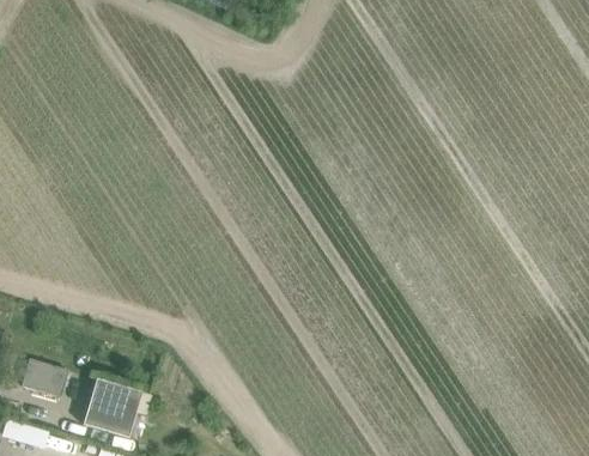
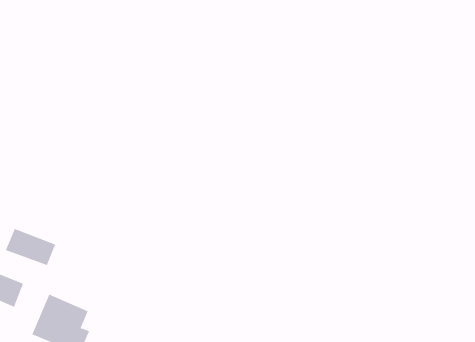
building: none -> [5,228,56,266]

